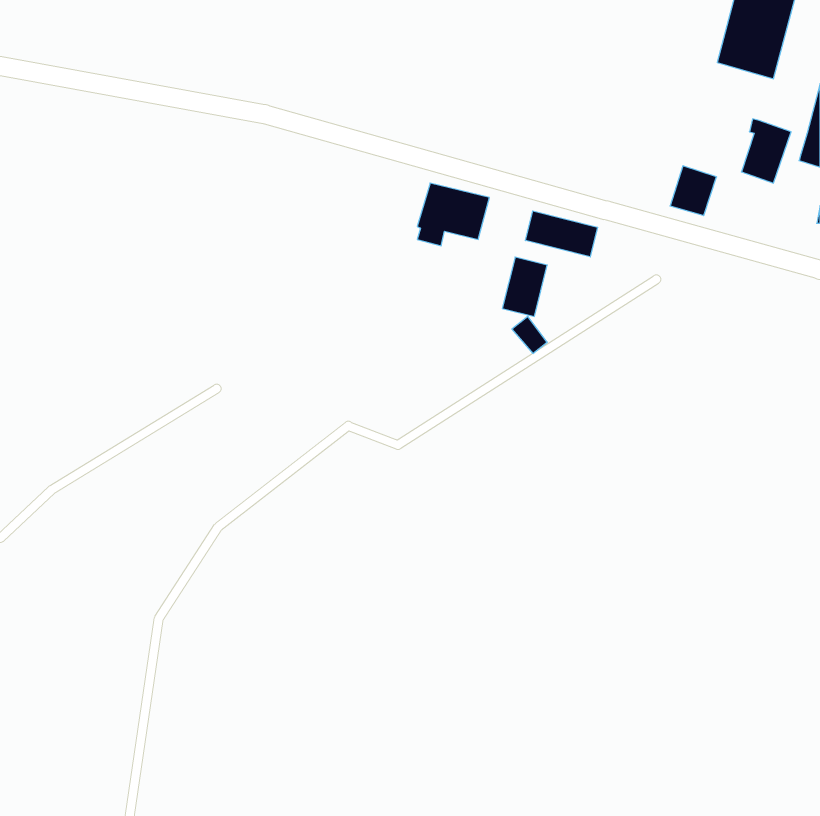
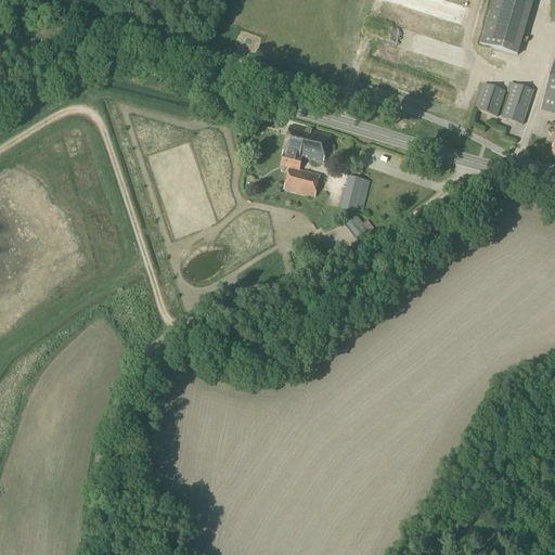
building: [670,166,717,216] -> [475,81,506,115]
building: [525,211,598,257] -> none
building: none -> [284,166,321,196]

